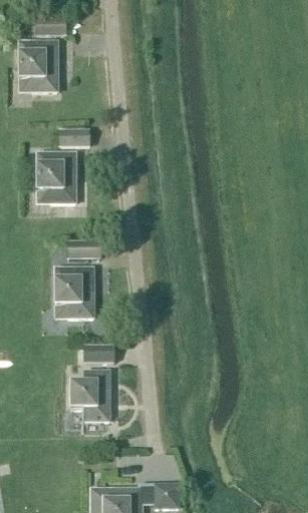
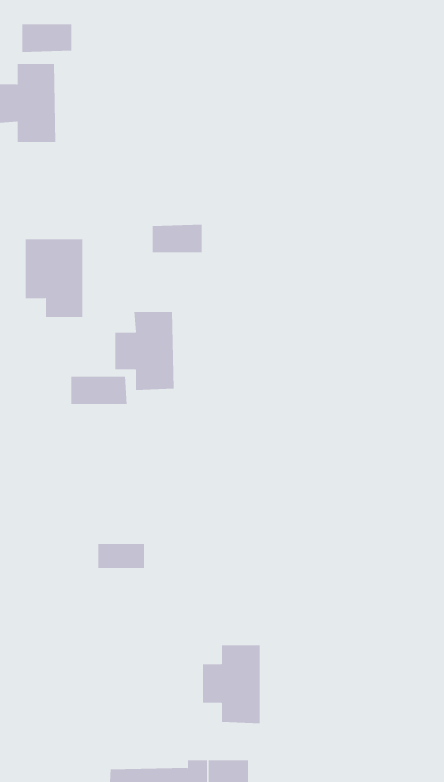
building: [58,128,90,146] -> [152,224,202,253]
building: [55,269,93,319] -> [114,312,174,391]
building: [71,372,108,422] -> [202,645,260,724]

